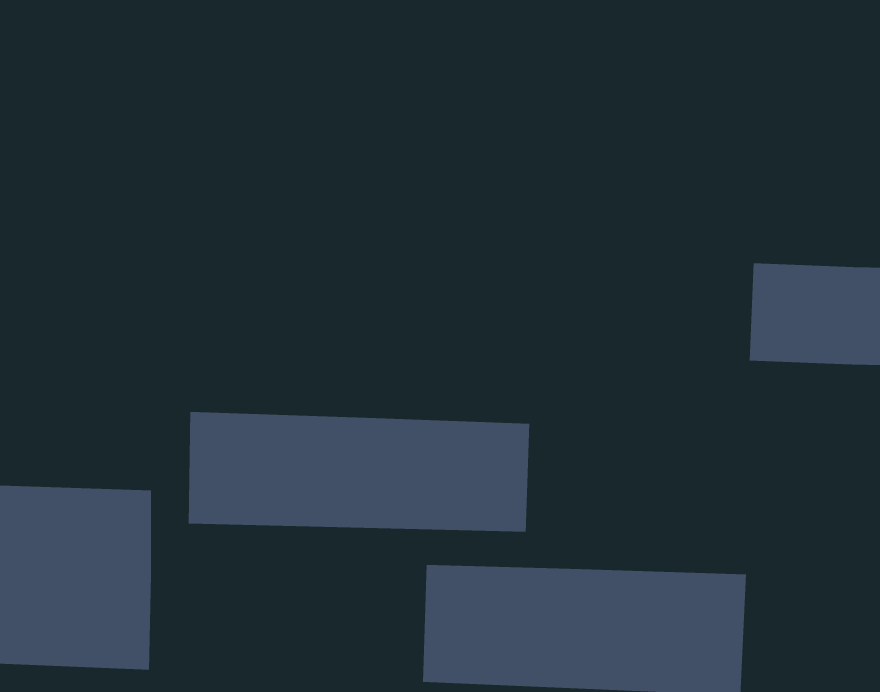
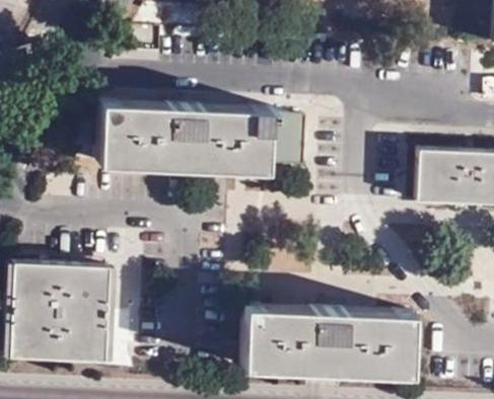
building: none -> [99,106,302,173]
building: [188,411,530,533] -> none

